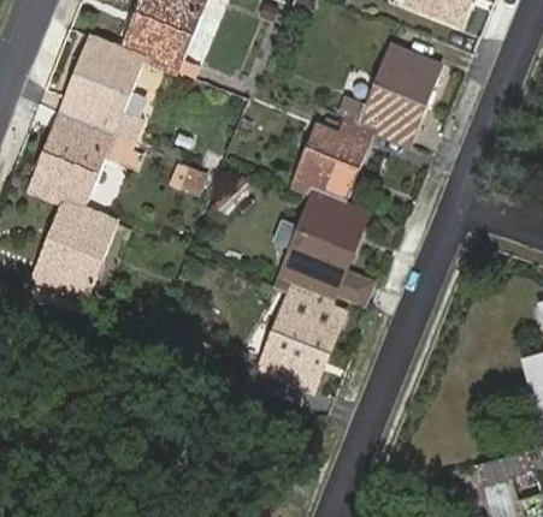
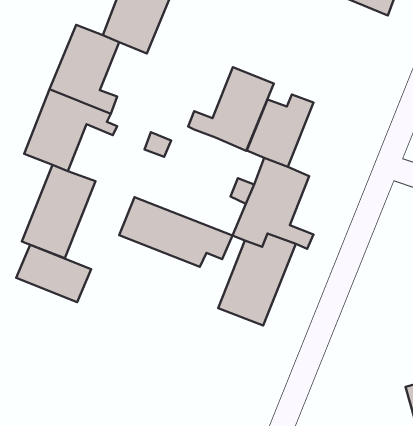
building: [338,44,439,143] -> [188,67,274,151]
building: none -> [119,197,233,267]
building: none -> [16,245,91,302]

